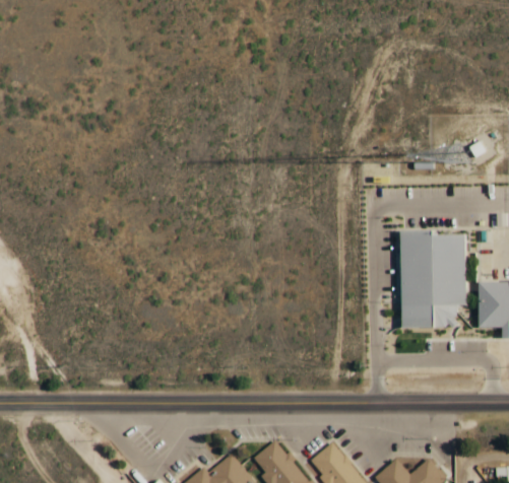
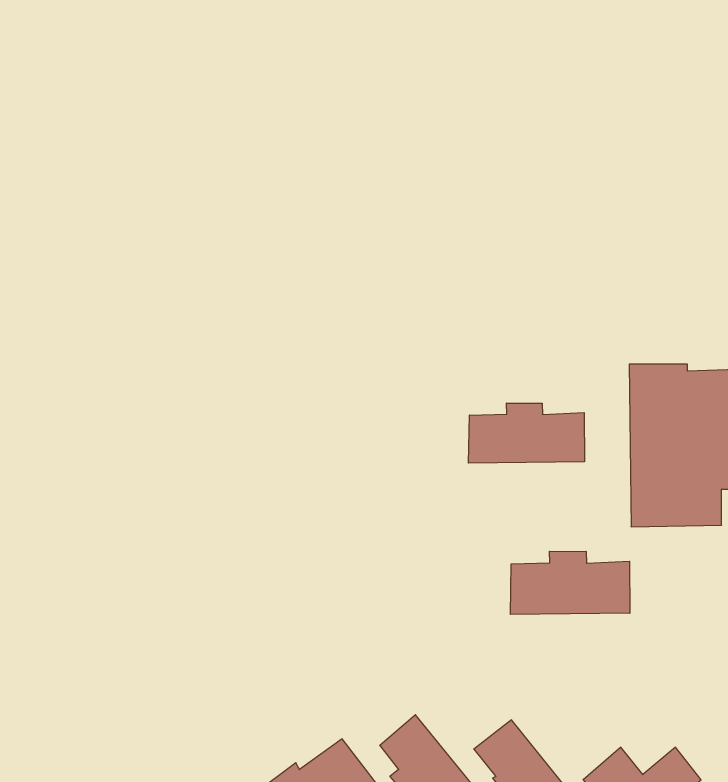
building: none -> [469,403,584,463]
building: none -> [510,551,630,614]

